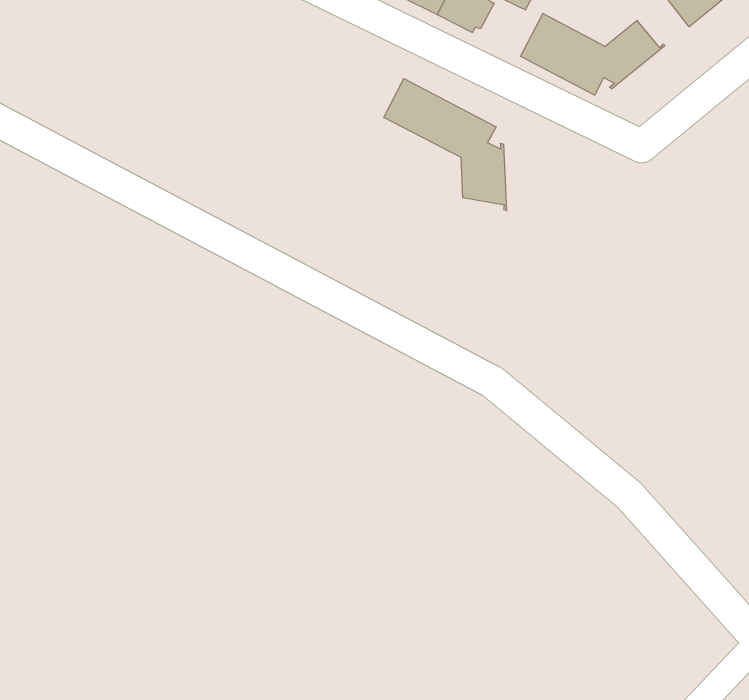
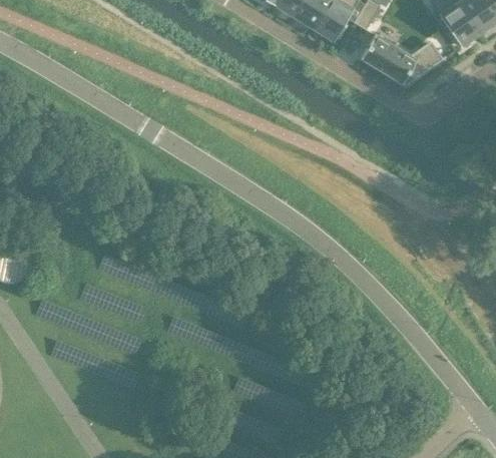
building: [384,79,507,211] -> none

